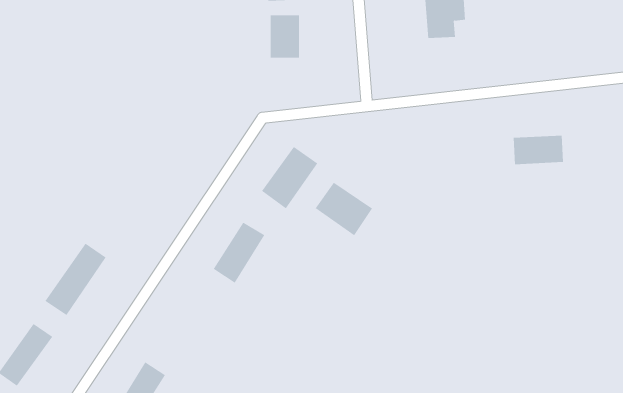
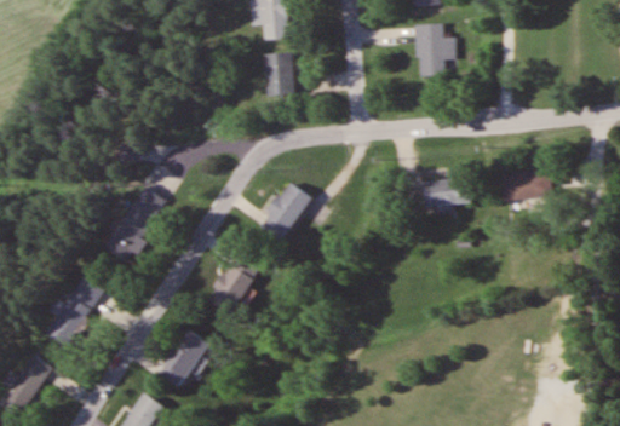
building: none -> [423,180,470,205]
building: none -> [103,188,166,266]
building: [315,182,373,236] -> none
building: none -> [156,329,209,388]

